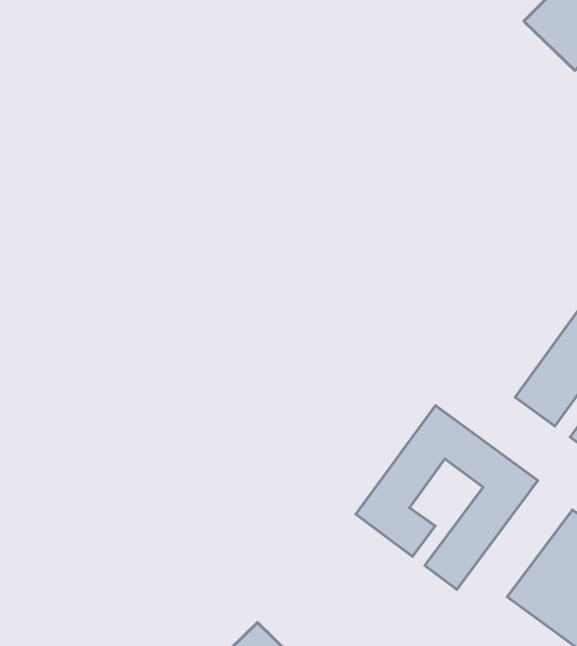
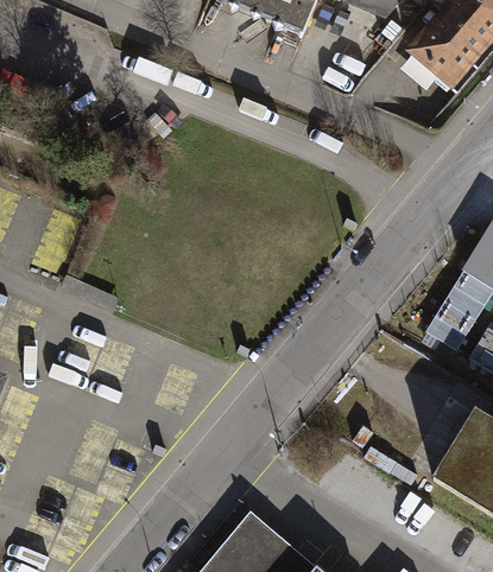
building: [356,406,538,589] -> none

